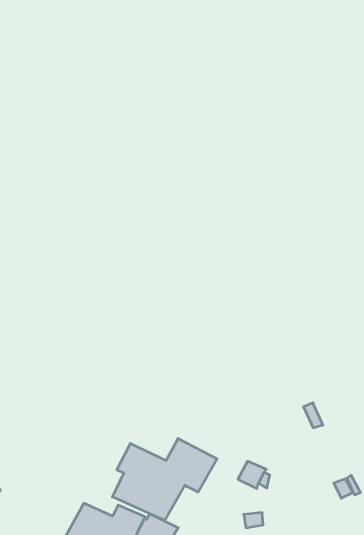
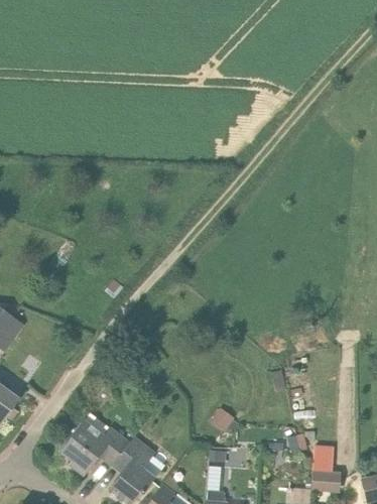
building: [112,438,217,521] -> none

